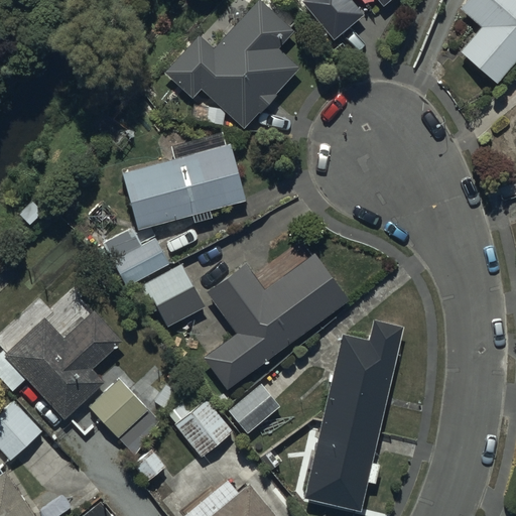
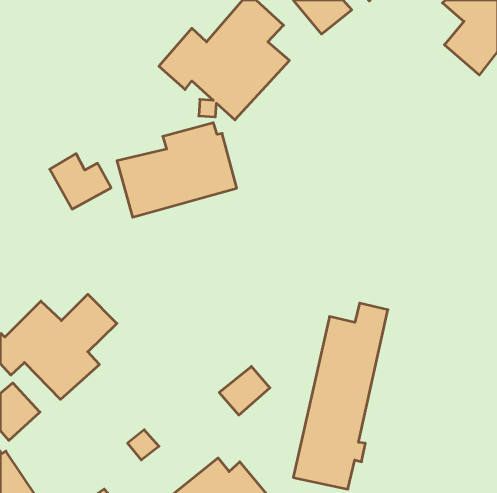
building: [105,229,168,286] -> [50,154,111,209]
building: [203,253,349,389] -> none
building: [135,264,206,327] -> none
building: [89,379,159,455] -> none
building: [174,399,233,458] -> none

